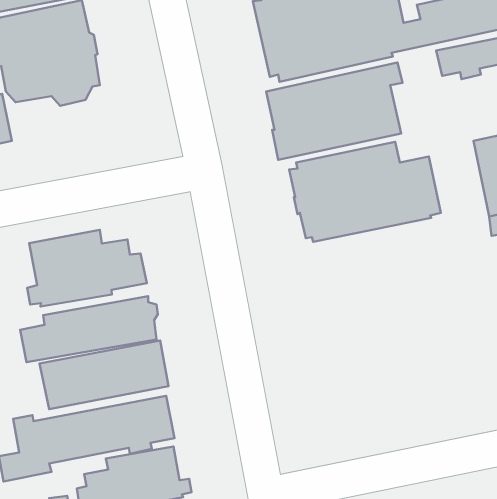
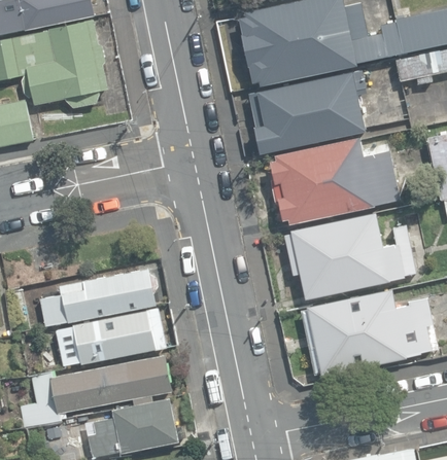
building: none -> [284,212,416,299]
building: [27,230,147,307] -> none
building: none -> [304,293,436,378]

